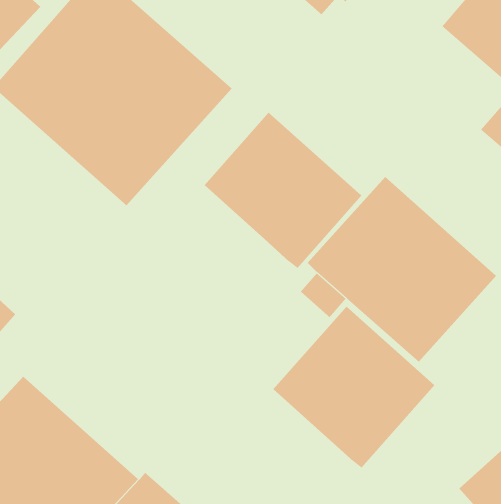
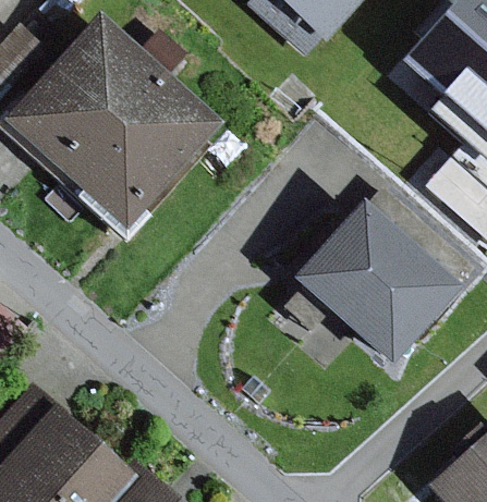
building: [204,112,362,269] -> none
building: [273,306,435,469] -> none

